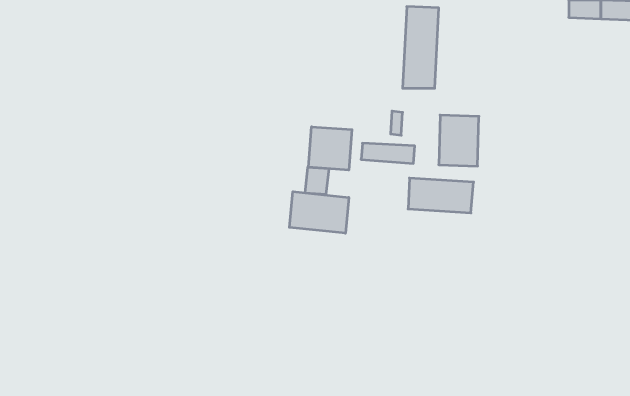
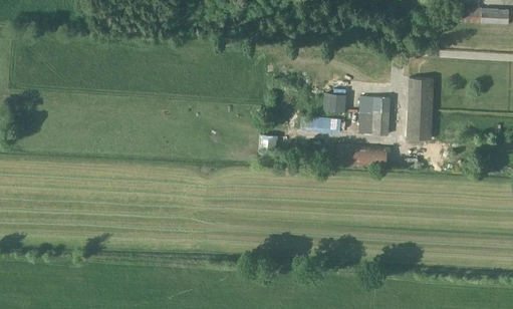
building: [403,7,439,88] -> [407,76,434,137]
building: [308,127,352,170] -> none
building: [289,192,349,233] -> none

